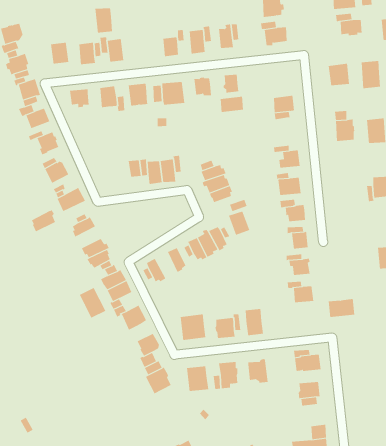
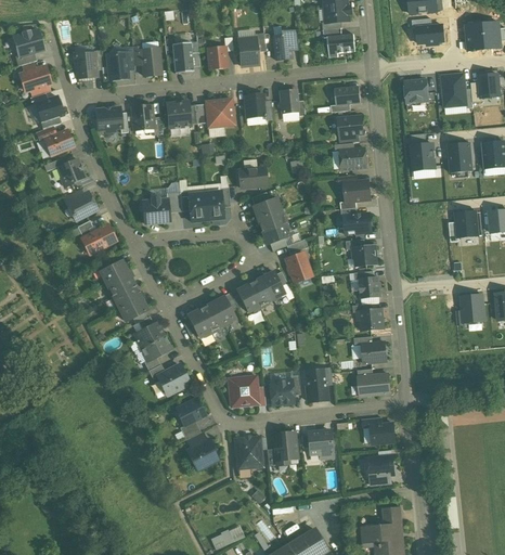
building: [94,8,113,33] -> [171,42,193,73]
building: none -> [335,86,361,105]
building: [220,96,244,113] -> [238,168,267,188]
building: none -> [340,147,367,169]
building: none -> [141,196,169,223]
building: [31,209,56,232] -> [105,270,134,297]
building: none -> [198,299,224,333]
building: [79,287,106,319] -> none
building: [328,298,355,318] -> [358,373,390,396]

